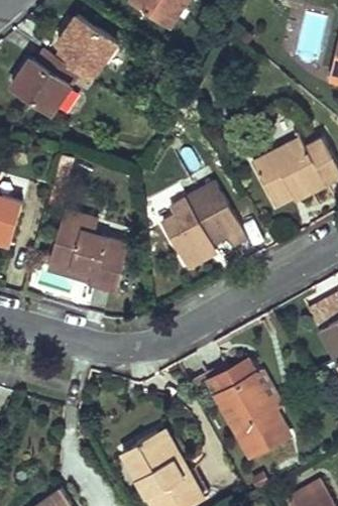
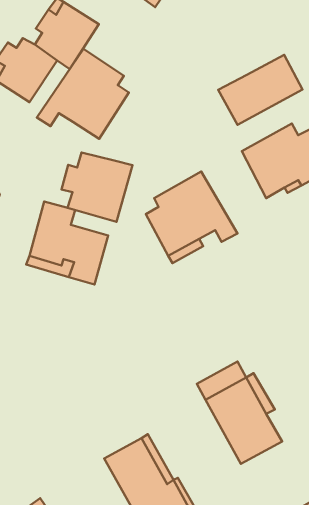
building: none -> [37,49,129,139]
building: none -> [218,55,303,125]
building: none -> [62,153,133,222]

